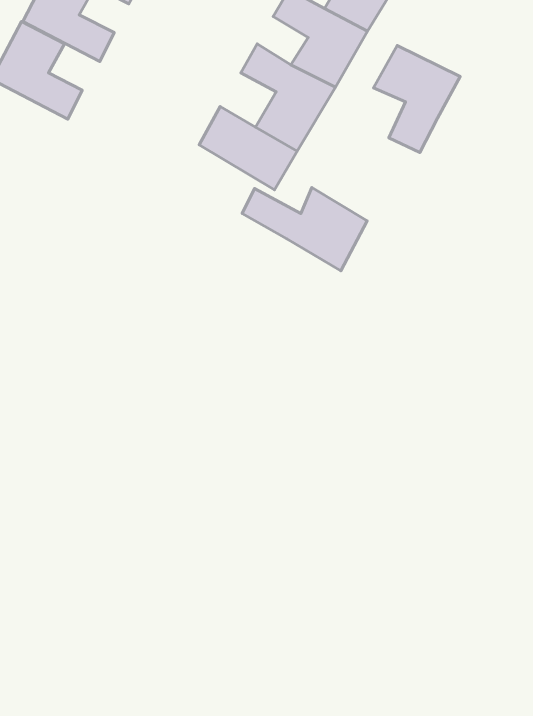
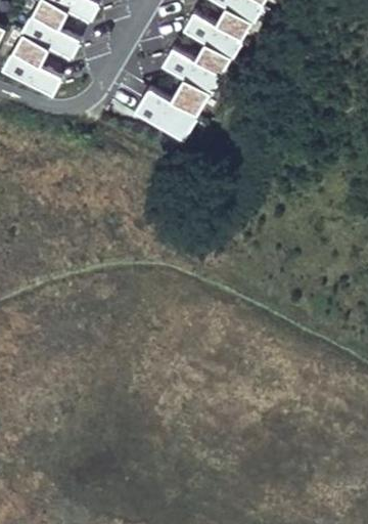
building: [373,45,460,153] -> none
building: [242,187,367,271] -> none

